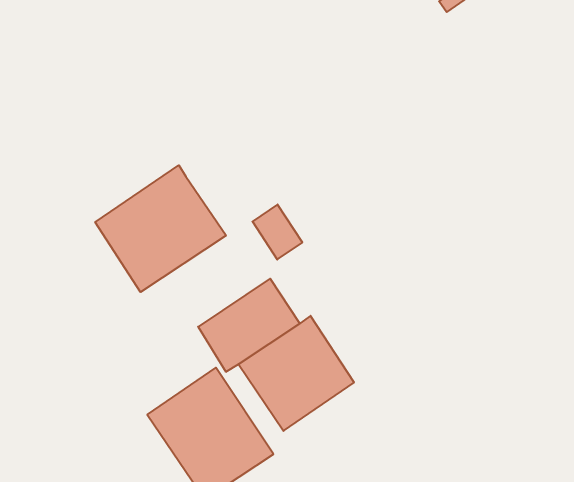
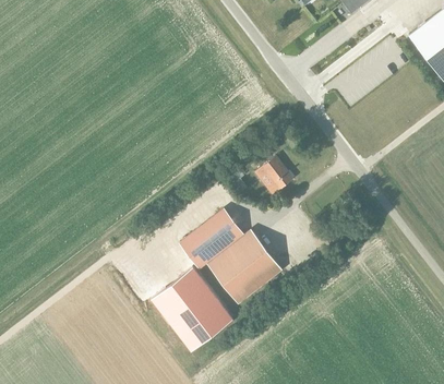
building: [95,165,226,292] -> none
building: [252,204,302,260] -> [261,156,293,191]

